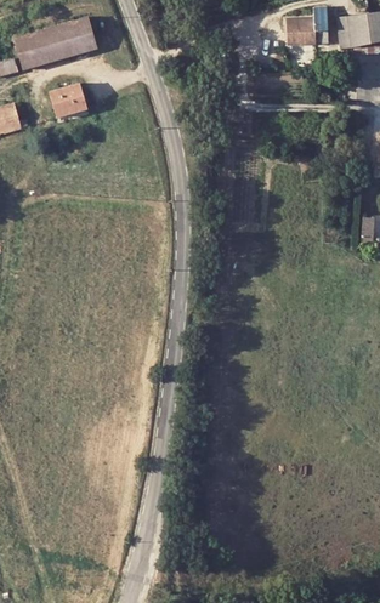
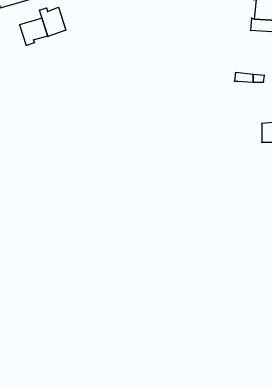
building: none -> [39,7,66,37]

